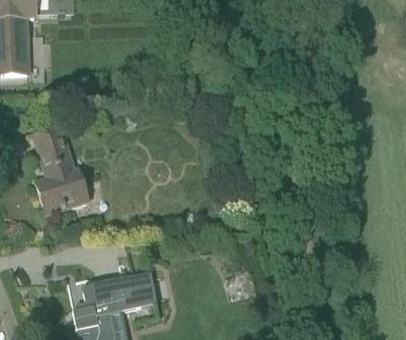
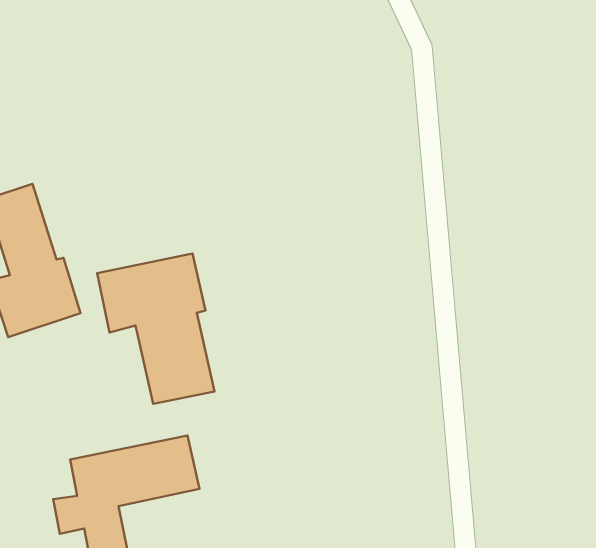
building: none -> [97,254,214,404]

